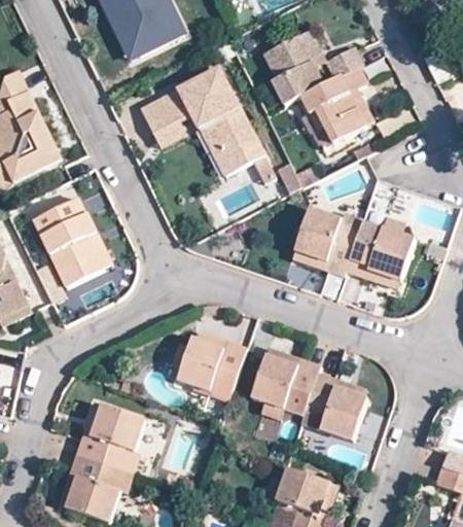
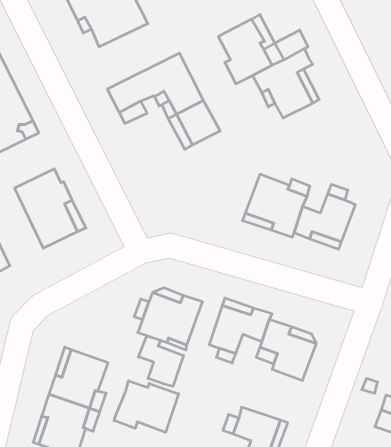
building: none -> [138,336,183,386]
building: none -> [114,381,179,432]

